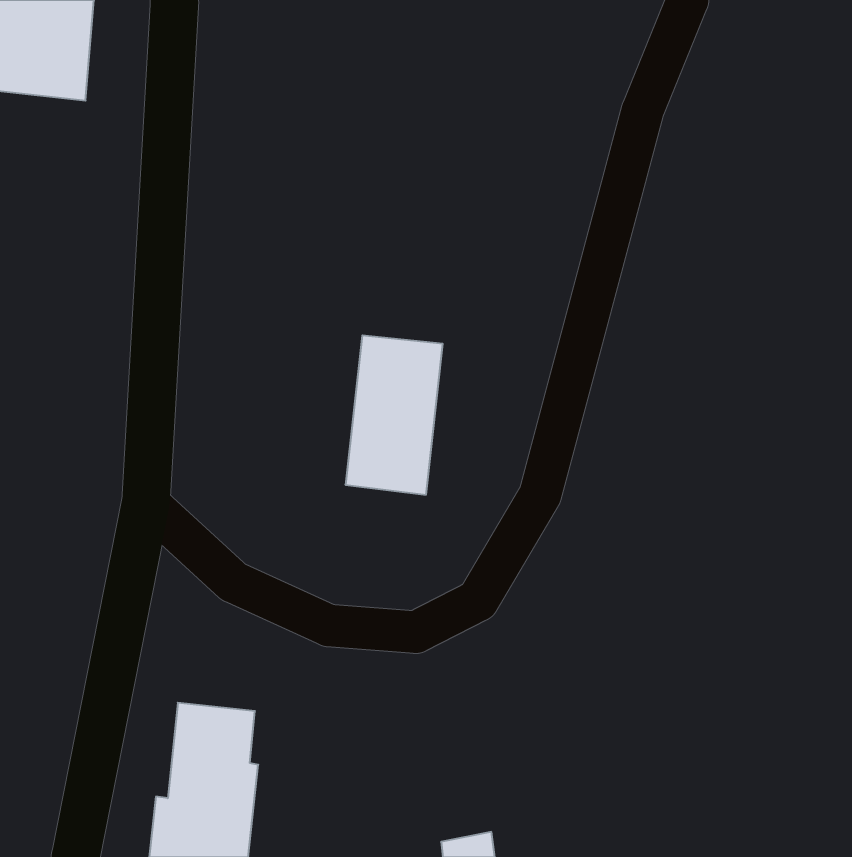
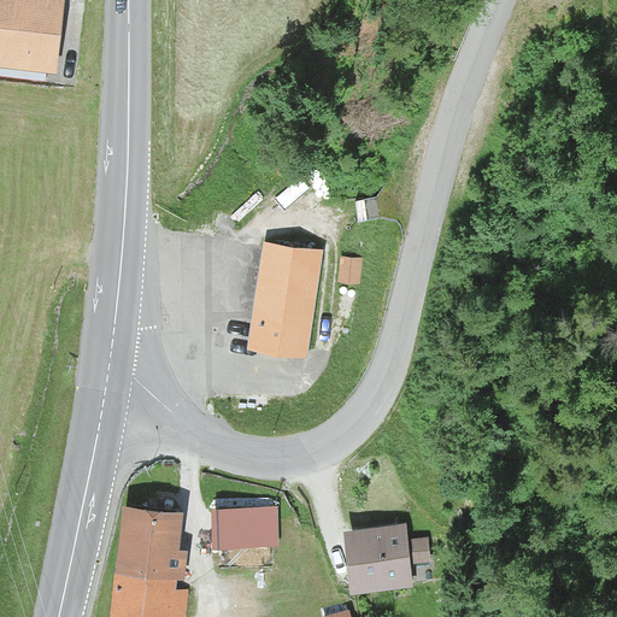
building: none -> [216,505,274,548]
building: none -> [347,525,423,594]

